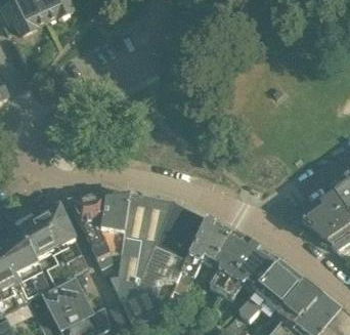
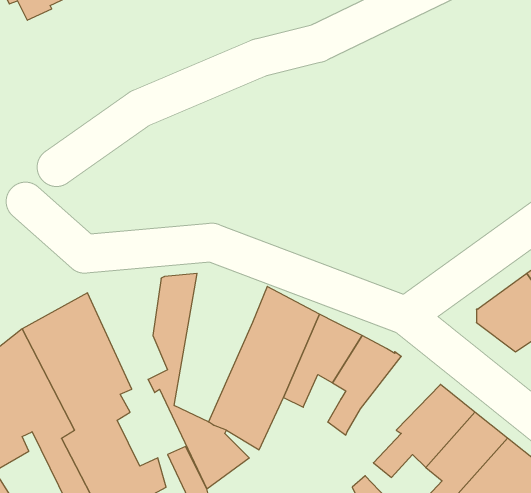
building: [114,191,172,284] -> none
building: [71,194,110,257] -> none
building: [222,243,280,298] -> none

